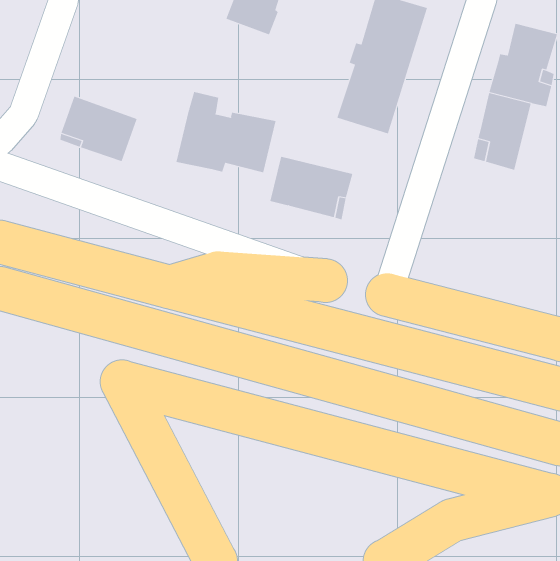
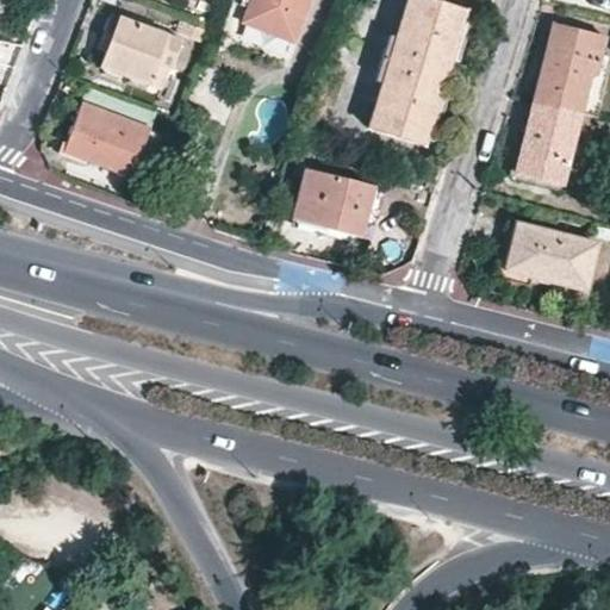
building: none -> [101,13,192,86]
building: [176,91,276,173] -> none
building: none -> [508,223,596,290]

